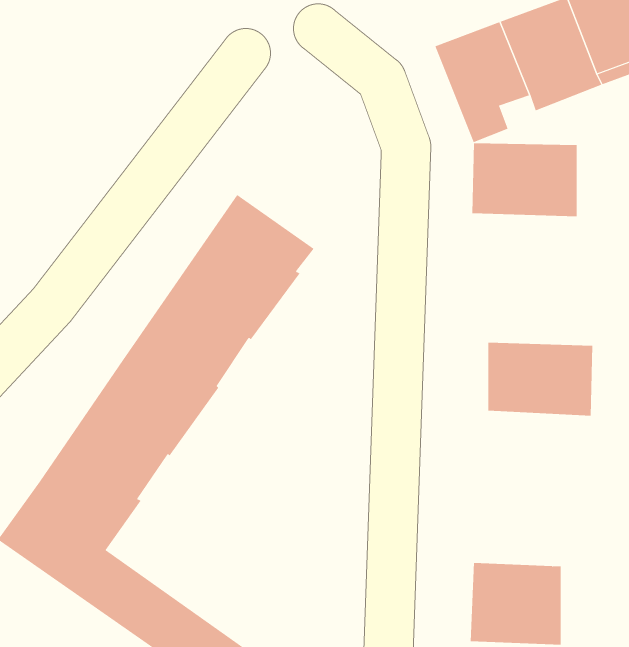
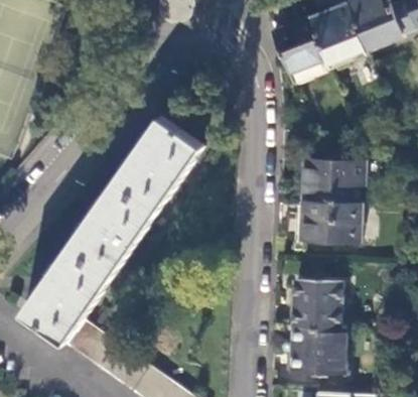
building: [472,143,577,217] -> [302,159,363,202]
building: none -> [294,279,340,327]

